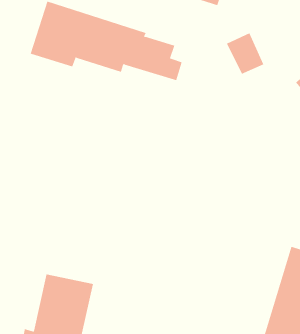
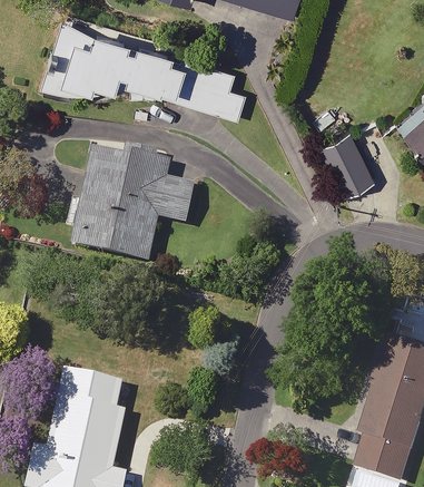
building: [226,32,264,74] -> [319,137,369,193]
building: none -> [72,156,195,266]

